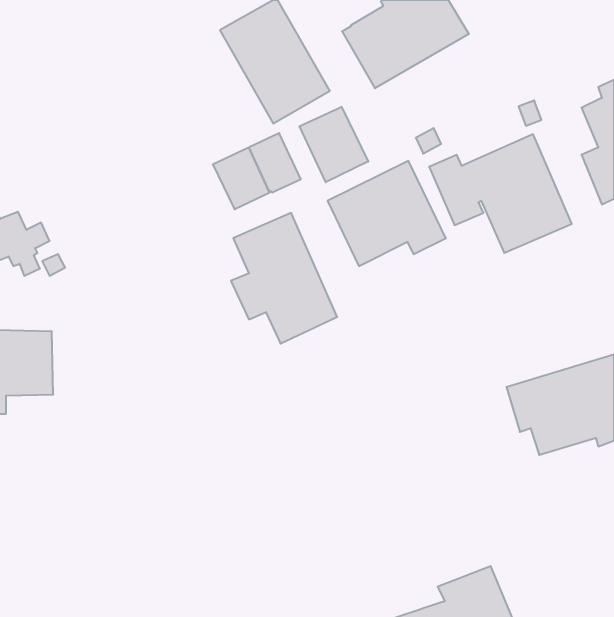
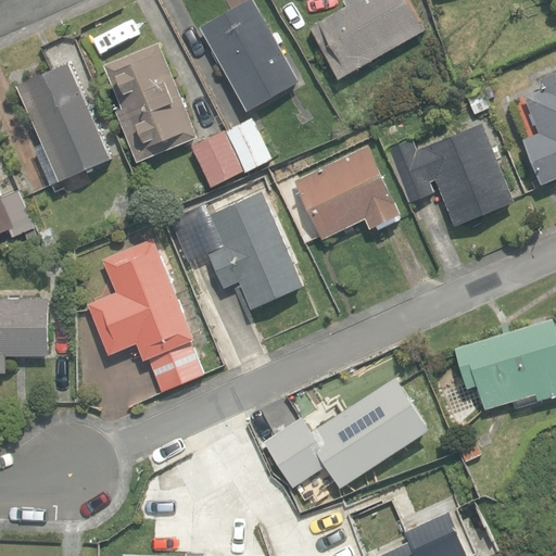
building: none -> [102,46,194,163]
building: none -> [15,65,108,181]
building: [300,107,368,182] -> none
building: none -> [88,239,202,392]
building: none -> [264,377,430,488]

